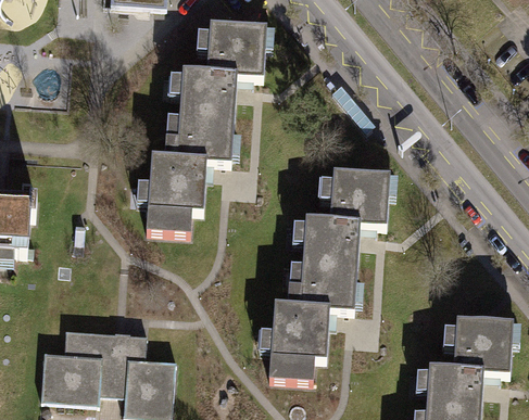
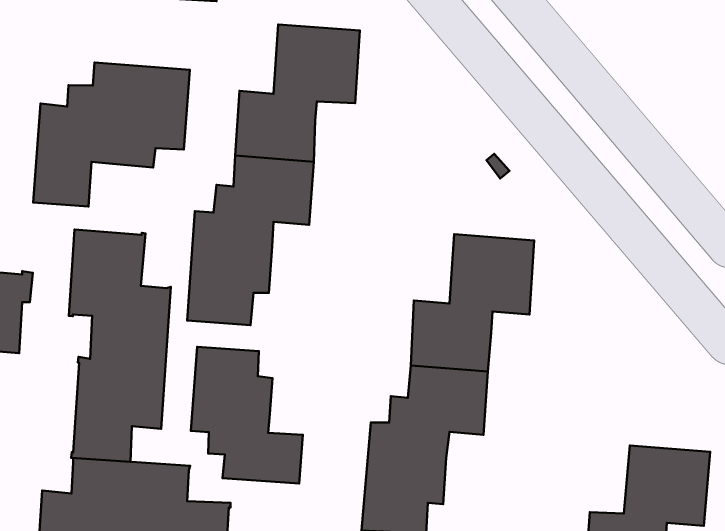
building: none -> [33,62,190,207]
building: none -> [69,230,171,462]
building: none -> [191,347,303,484]

